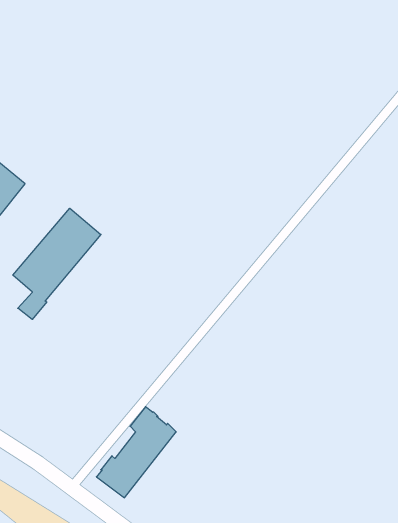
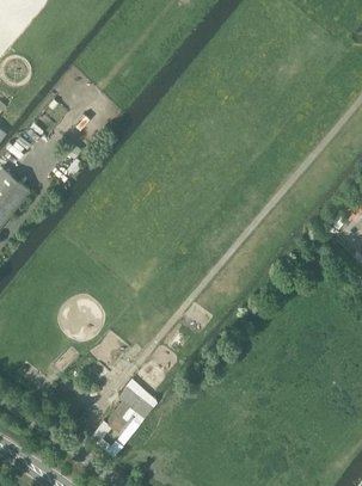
building: [13,208,101,319] -> none

